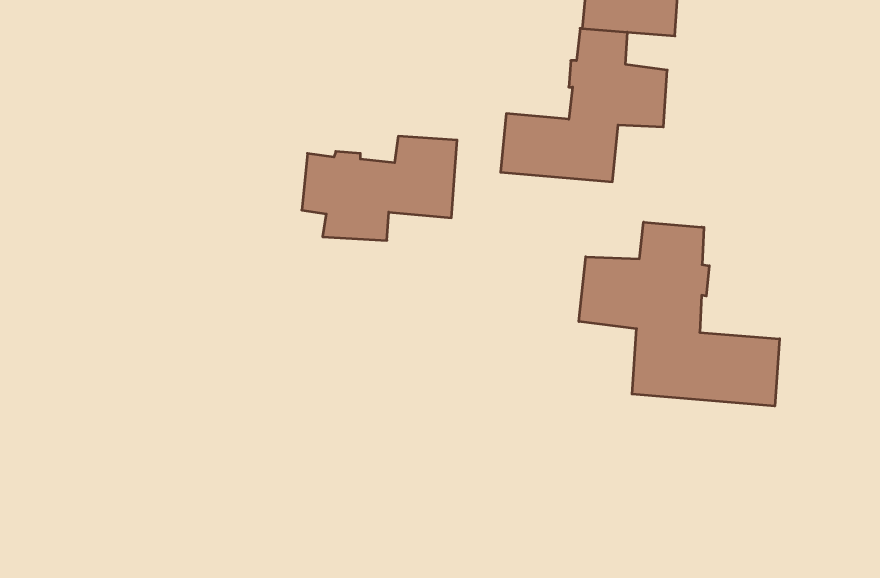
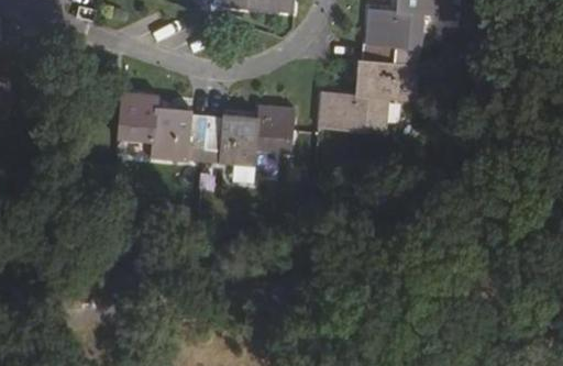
building: none -> [118,93,207,162]
building: [579,222,780,406] -> none

